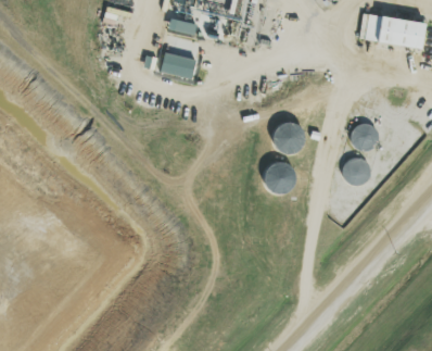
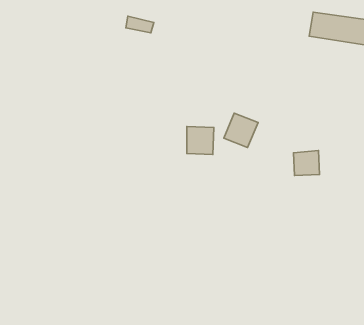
building: [162,53,195,76] -> none
building: [347,120,381,152] -> none
building: [266,163,294,192] -> [187,127,214,155]

